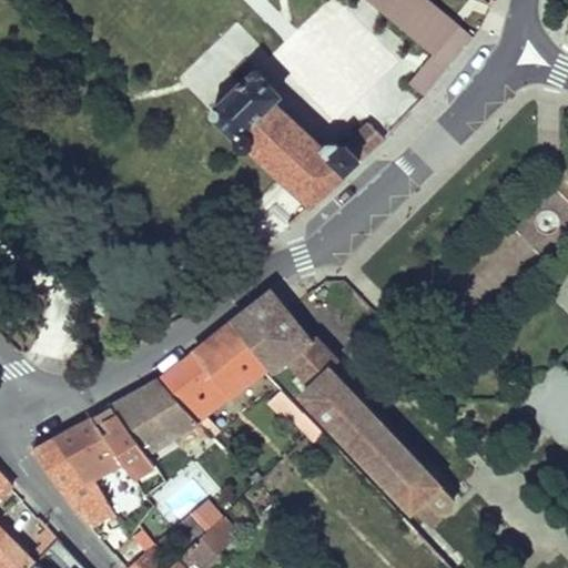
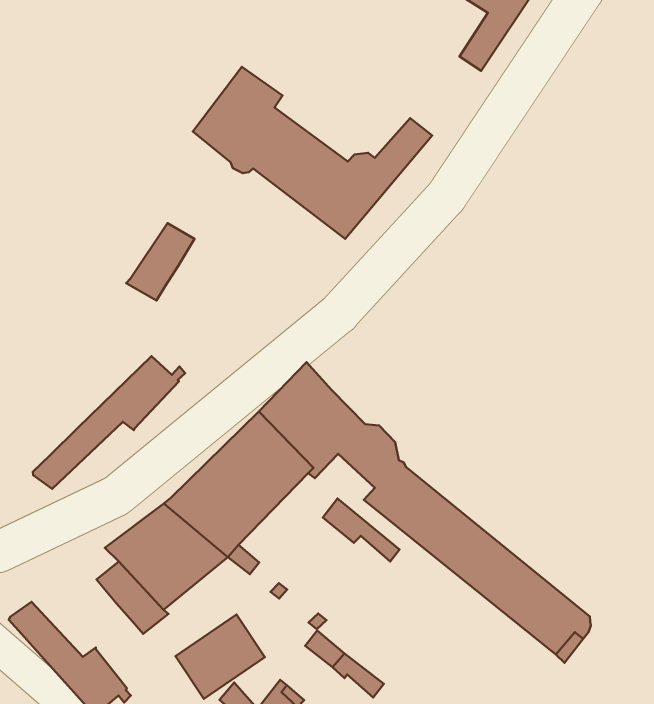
building: none -> [126,223,195,301]
building: none -> [33,356,185,489]
building: [51,414,122,481] -> none

